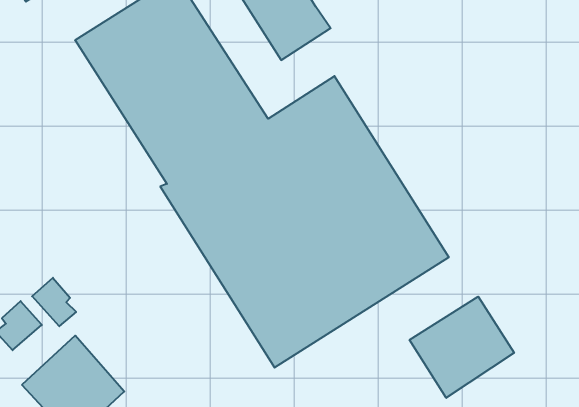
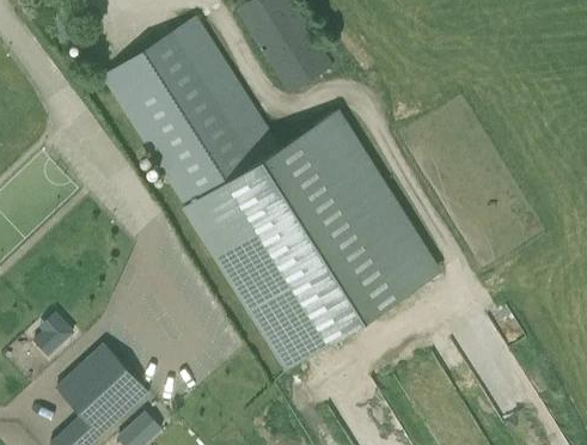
building: [32,278,76,326] -> none
building: [410,297,514,398] -> none

